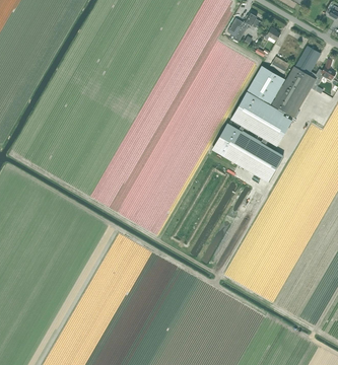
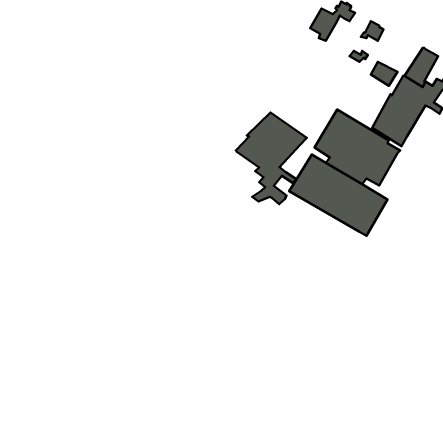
building: [248,65,284,102] -> none
building: none -> [236,113,307,204]

